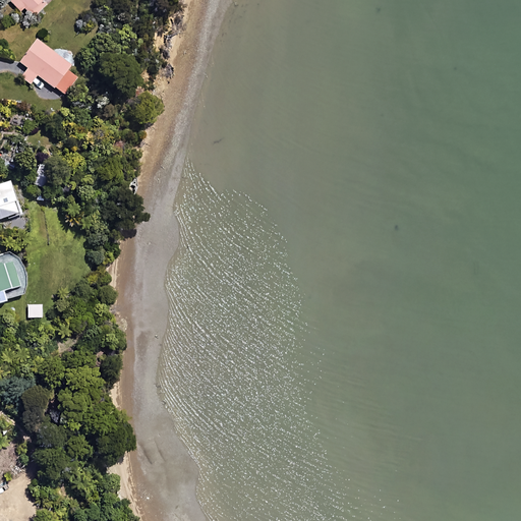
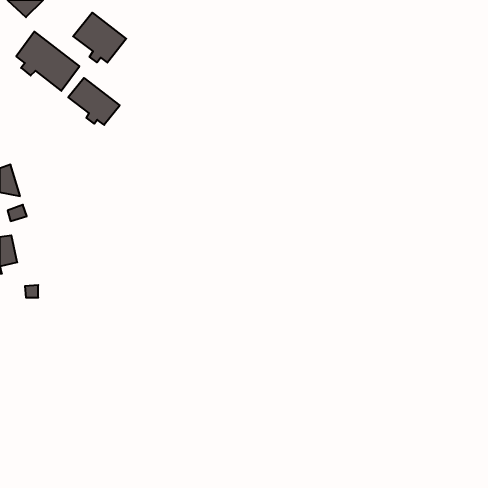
building: none -> [73,13,126,63]
building: none -> [68,78,120,125]

